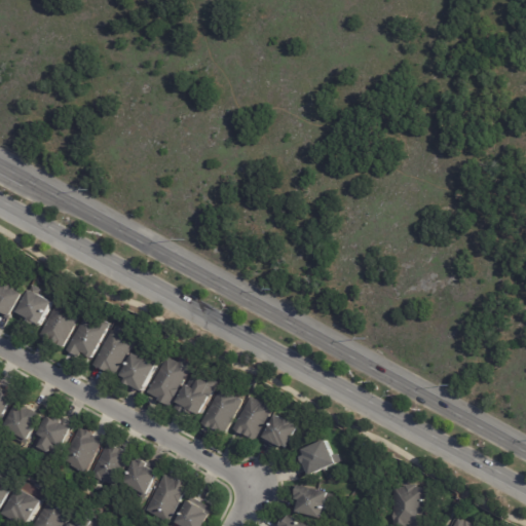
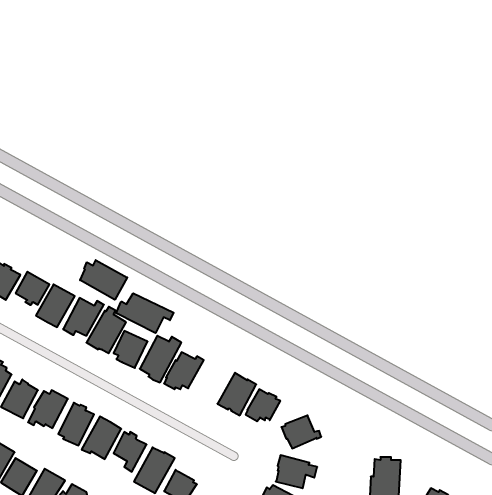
building: none -> [80,260,127,300]
building: none -> [116,293,174,333]
building: [199,388,239,434] -> none

